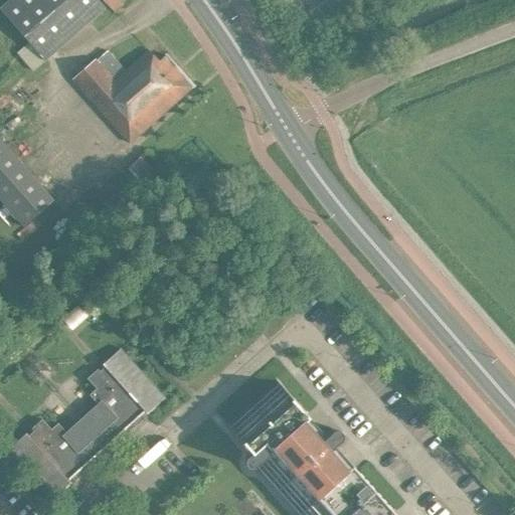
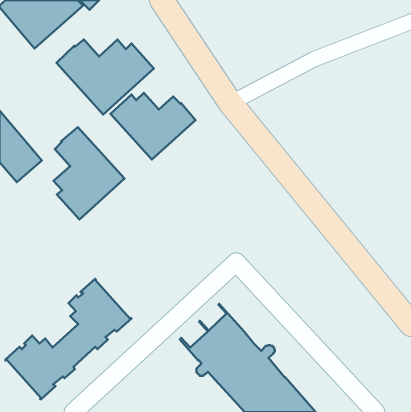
building: none -> [111,93,195,159]
building: none -> [54,127,124,219]

